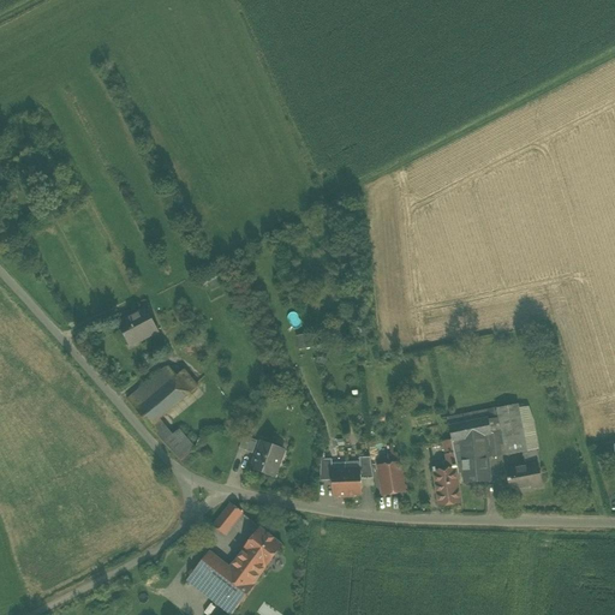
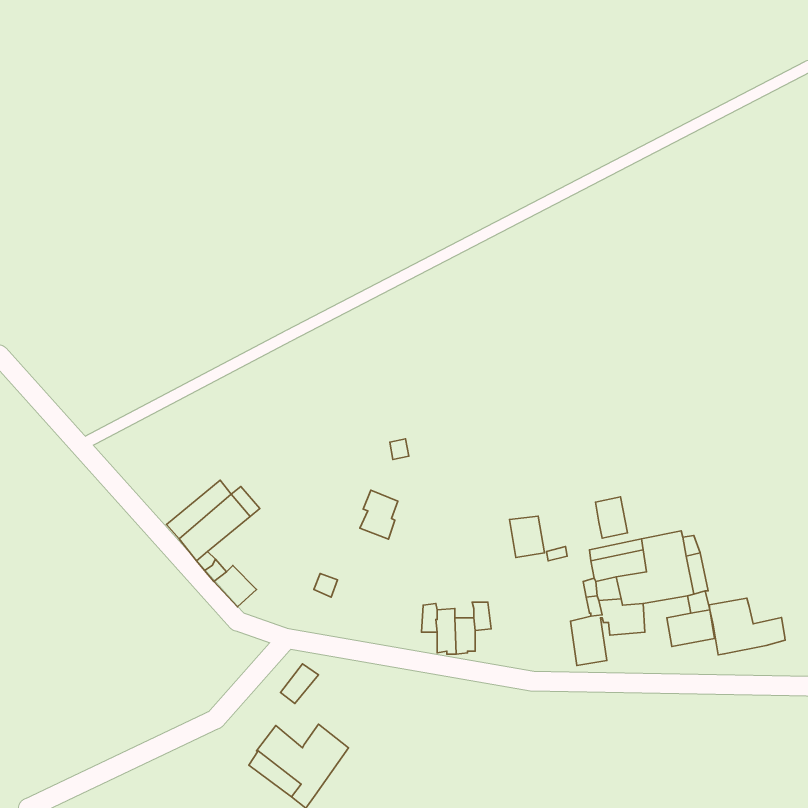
building: [118,309,155,342] -> none
building: none -> [595,497,627,538]
building: [252,440,281,477] -> [360,490,398,539]
building: none -> [709,598,785,655]
building: [377,462,404,494] -> [510,516,544,558]
building: [241,526,281,567] -> none

